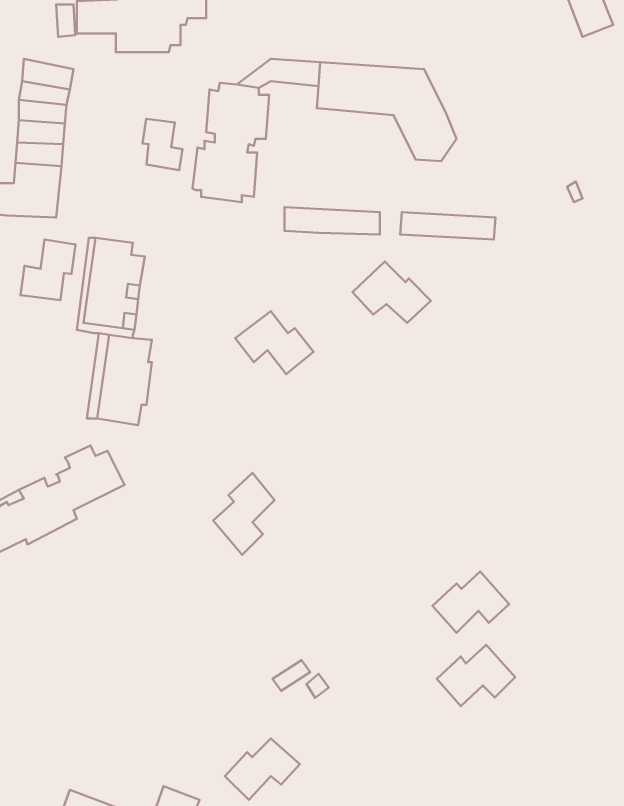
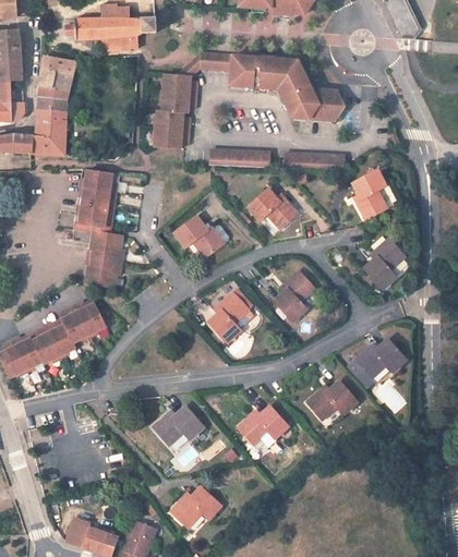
building: none -> [310,88,346,120]
building: [142,119,182,170] -> none
building: none -> [358,165,391,215]
building: [20,240,76,300] -> none
building: none -> [357,247,397,299]
building: none -> [277,270,317,322]
building: [213,473,275,555] -> [210,294,250,347]
building: none -> [353,339,402,377]
building: none -> [153,408,201,446]
building: [437,645,515,706] -> [234,407,285,446]

